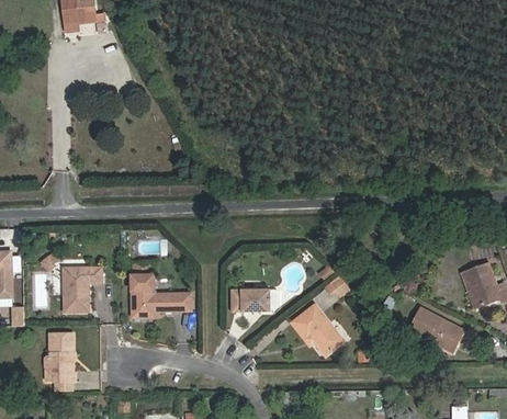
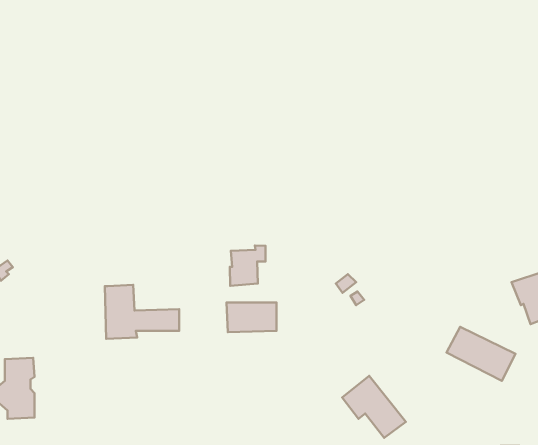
building: none -> [230,246,266,286]
building: [63,267,102,313] -> none
building: [292,304,343,354] -> [342,376,406,438]

